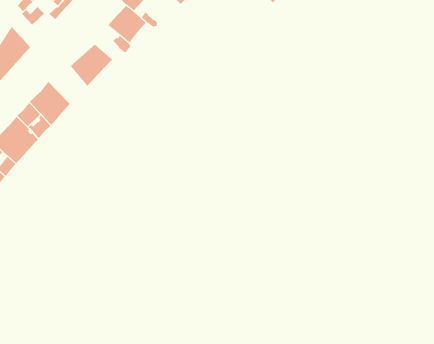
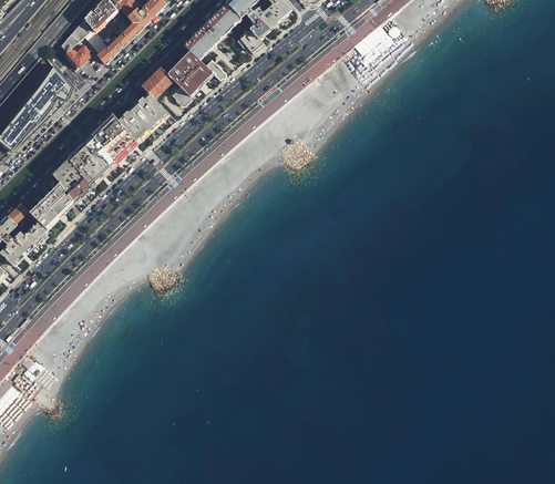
building: none -> [141,68,173,99]
building: none -> [91,113,136,163]

